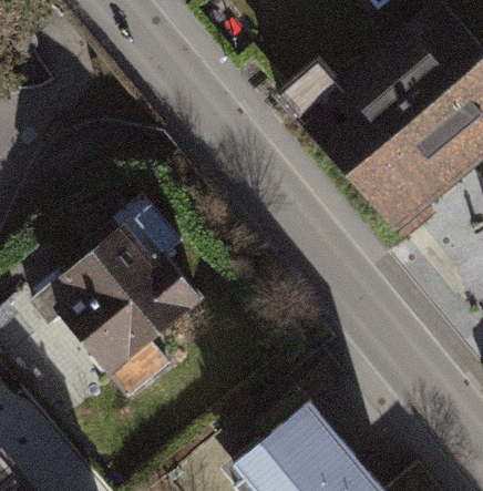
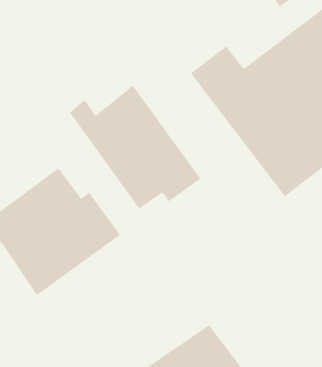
building: none -> [69,85,201,210]

